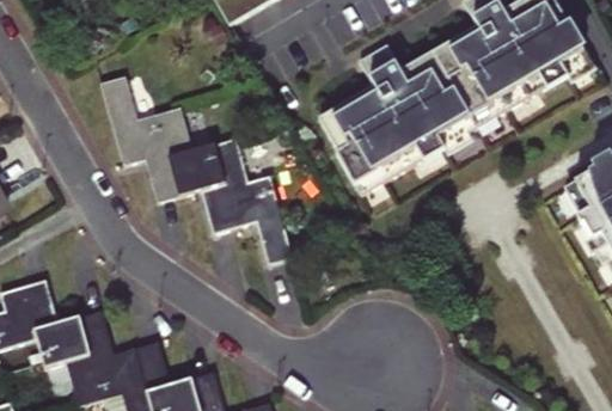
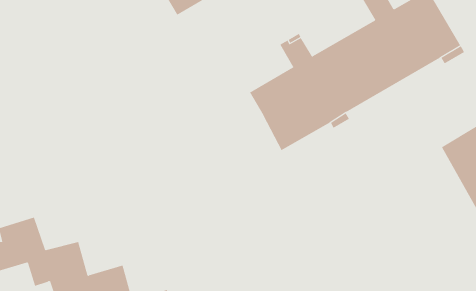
building: [99,74,292,264] -> none

